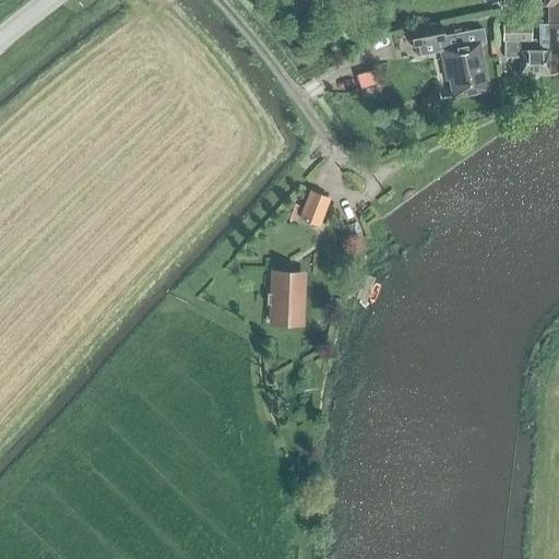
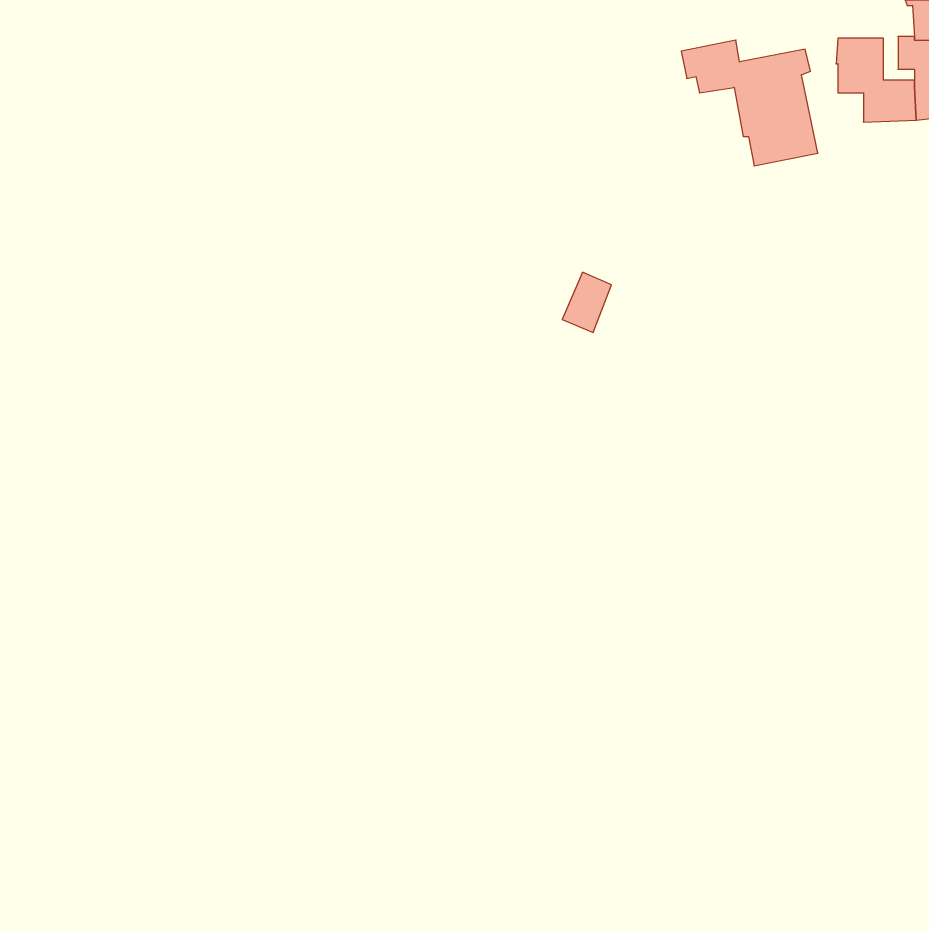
building: [300,190,330,226] -> [562,272,611,332]
building: [269,271,307,326] -> none

